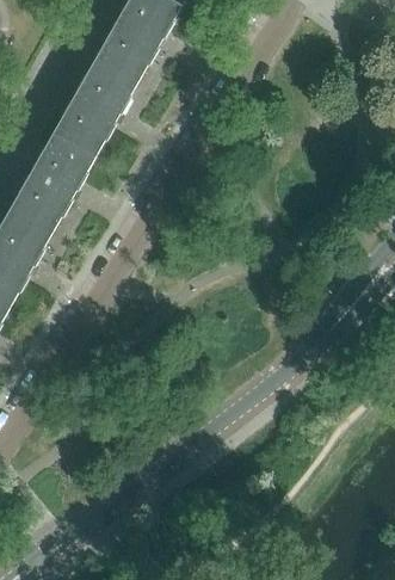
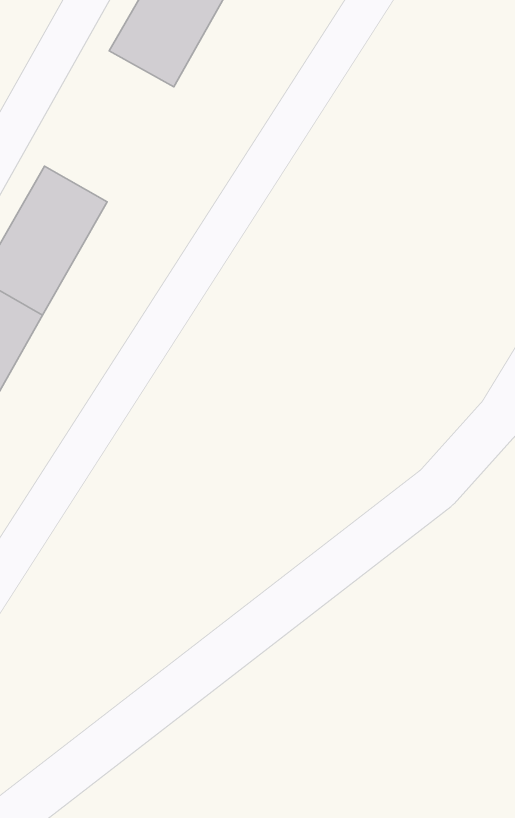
building: [54,55,140,155] -> none

